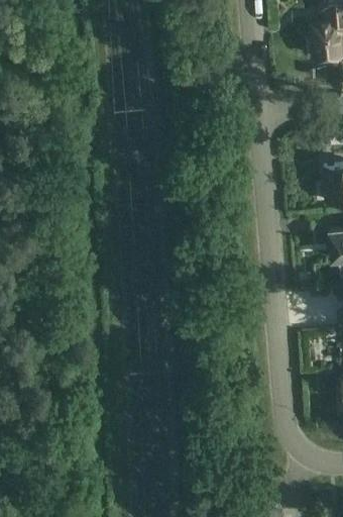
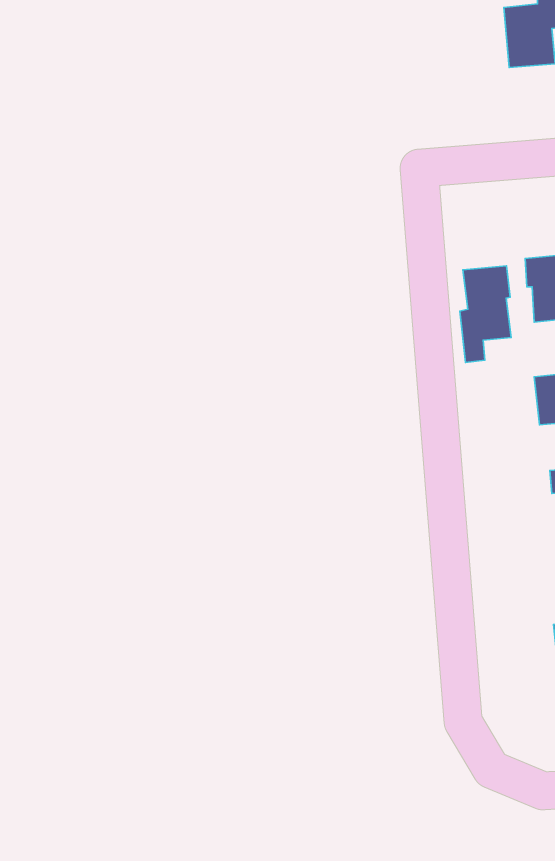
building: none -> [460,266,511,363]

